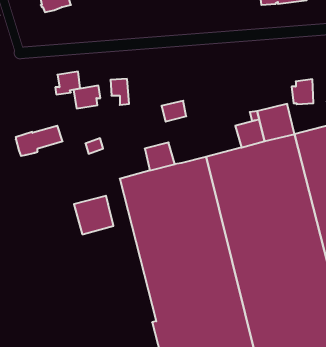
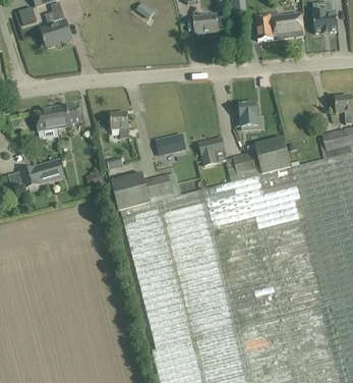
building: [292,79,313,104] -> [235,102,256,126]
building: [73,86,100,108] -> [34,108,60,130]
building: none -> [197,136,226,165]
building: [74,196,113,234] -> [110,172,149,210]

